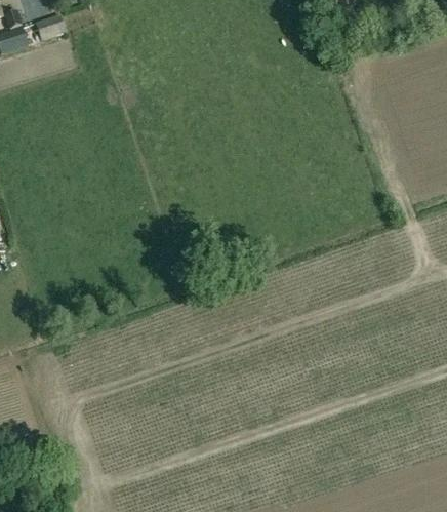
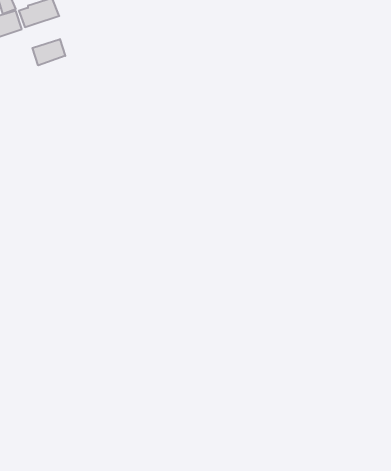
building: none -> [32,39,65,65]

